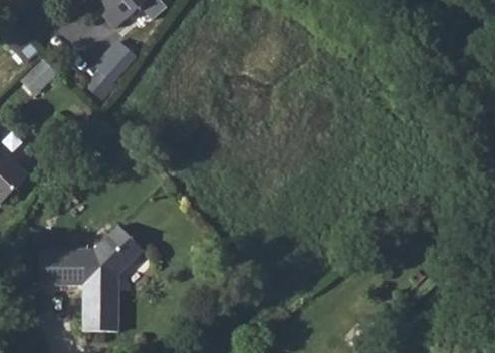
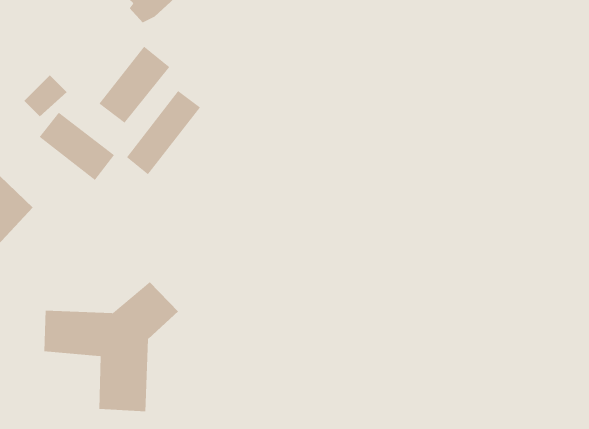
building: none -> [126,90,201,175]
building: none -> [39,112,115,181]

